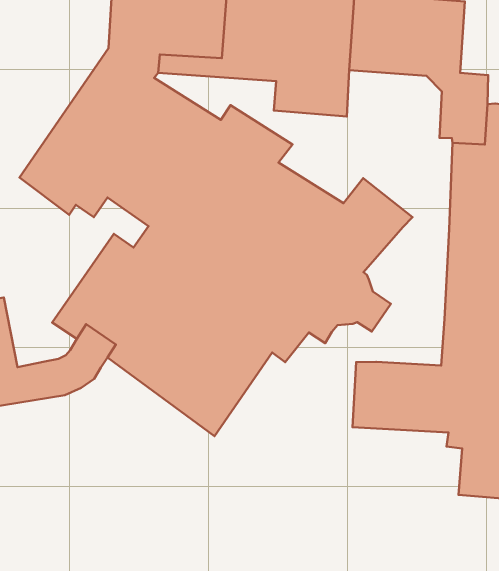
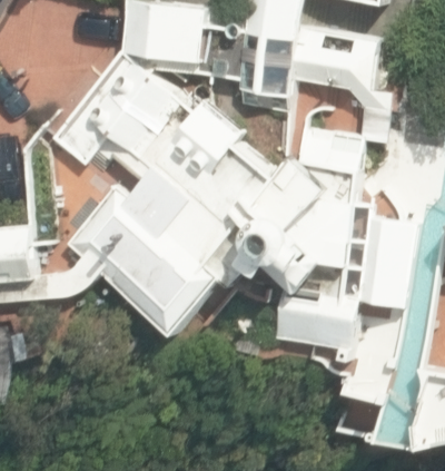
building: none -> [261,127,360,300]

